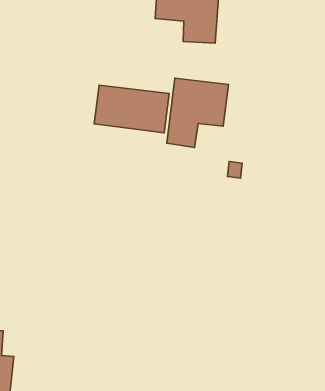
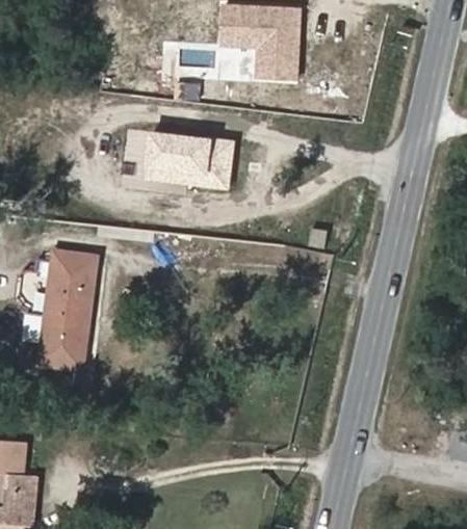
building: [167,78,228,148] -> none
building: none -> [41,249,96,366]

